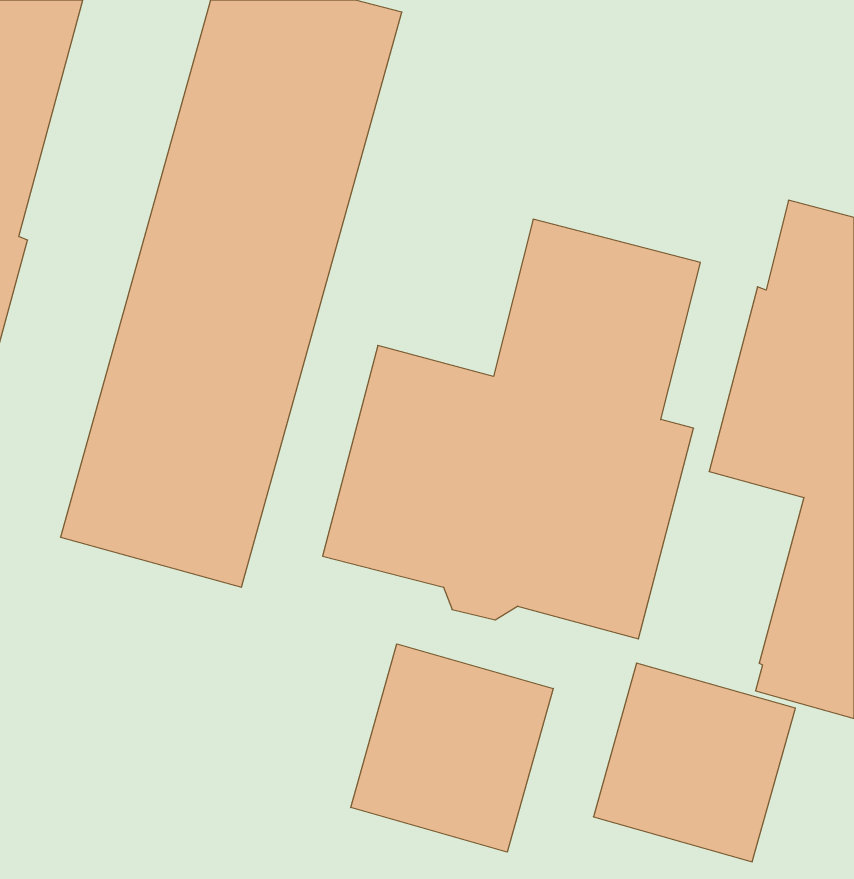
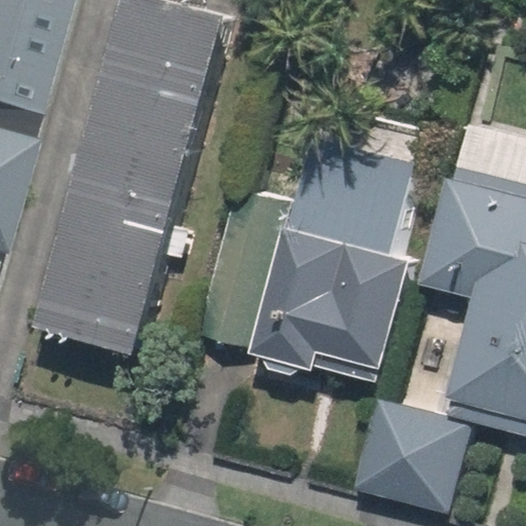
building: [351,644,553,852] -> none

